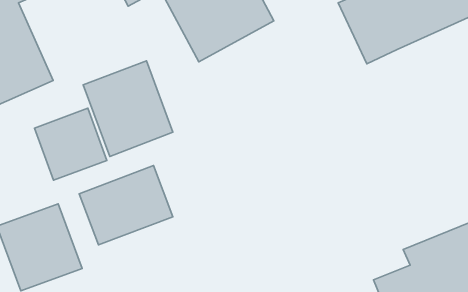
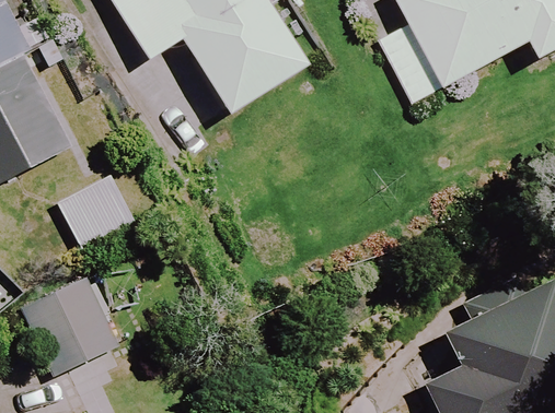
building: [83,61,173,156] -> none
building: [79,165,173,245] -> none

